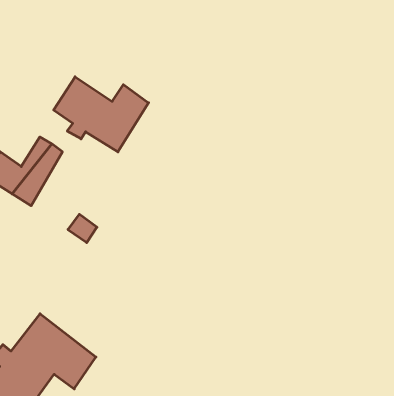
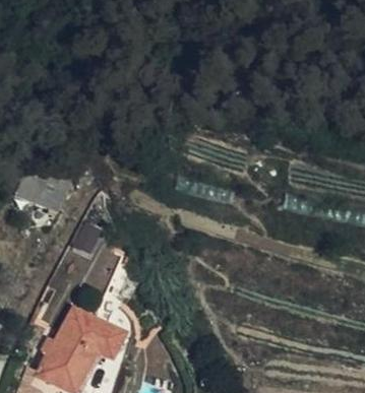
building: [54,77,149,152] -> none

